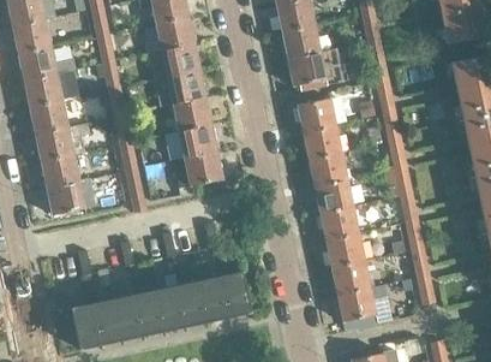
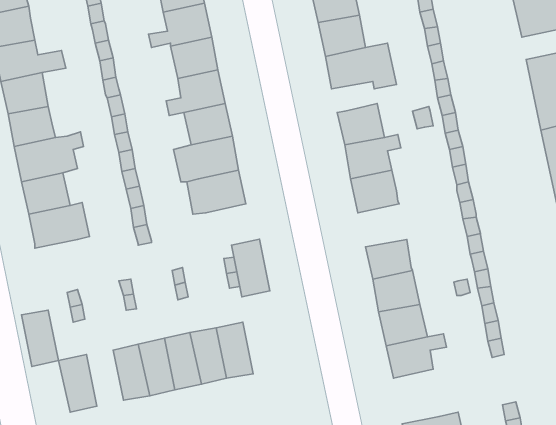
building: [313,179,353,214] -> none
building: [220,271,251,318] -> [232,239,270,297]
building: [92,298,122,344] -> [22,310,58,366]

